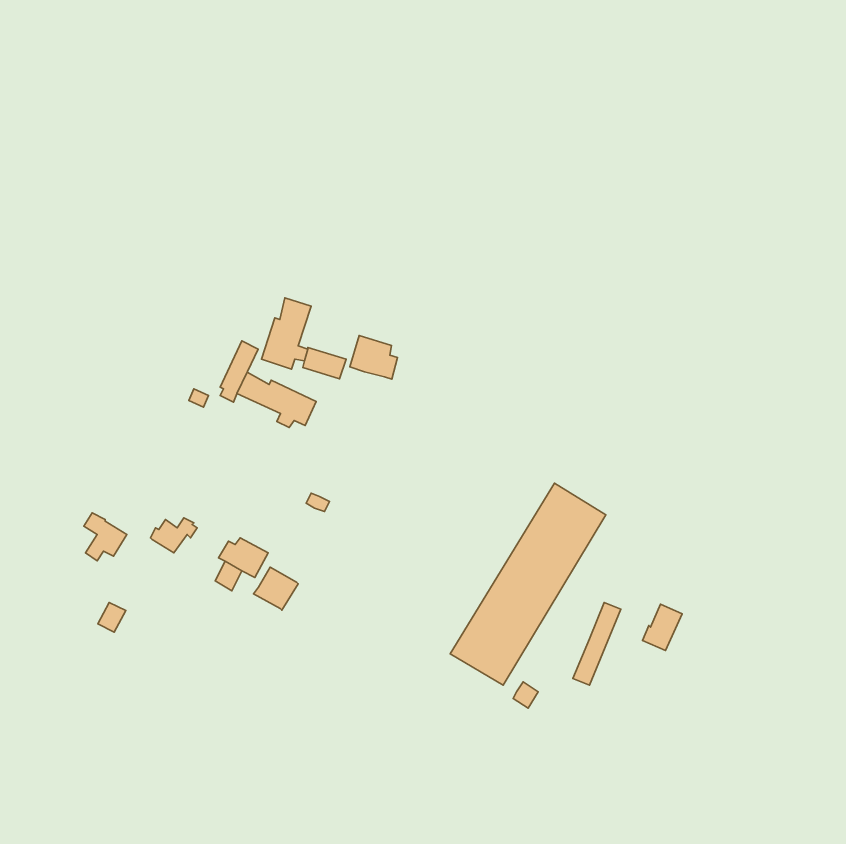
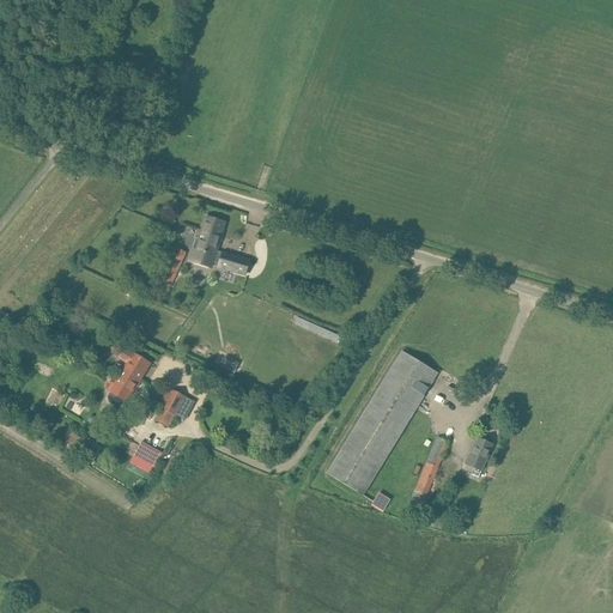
building: [350,336,397,379] -> none
building: [237,372,316,428] -> none
building: [84,513,127,561] -> [119,347,150,382]
building: [254,567,298,610] -> [129,442,162,473]

